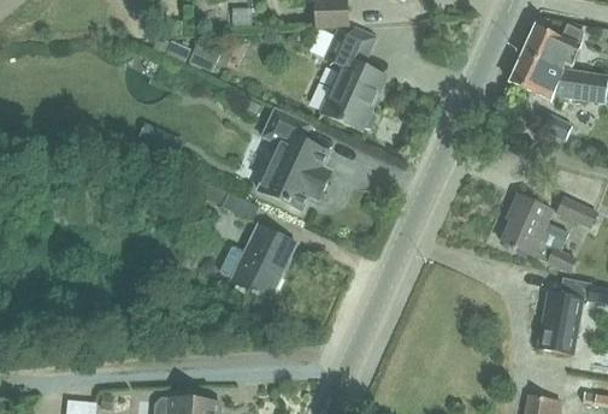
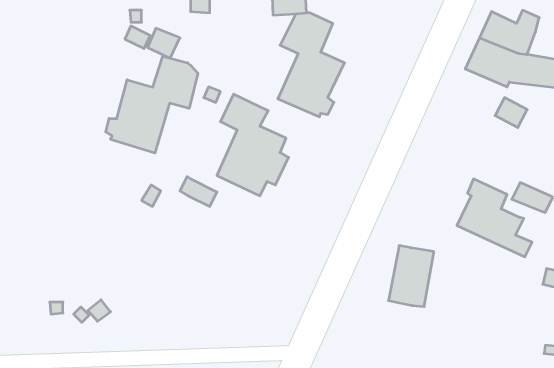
building: none -> [106,56,198,153]
building: [219,223,296,298] -> none
building: [537,291,583,353] -> [388,246,434,307]

